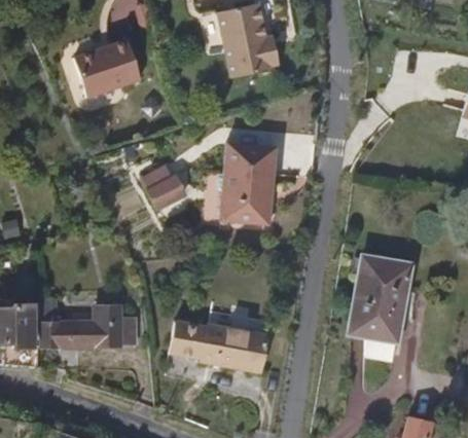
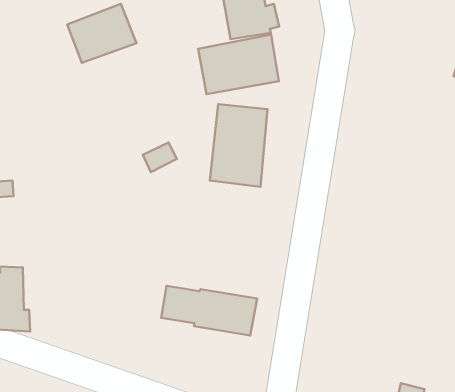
building: none -> [198,34,279,94]
building: [348,257,409,360] -> none
building: [41,299,141,343] -> none

